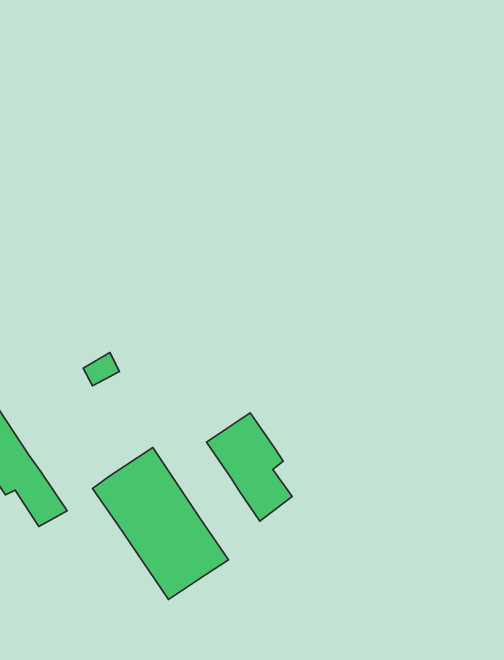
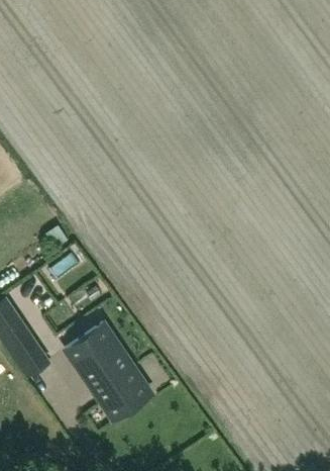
building: [206,413,292,521] -> none

